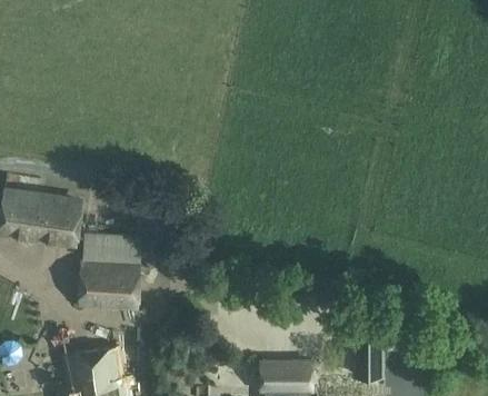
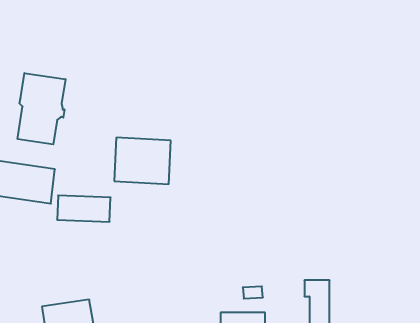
building: none -> [18,73,65,144]
building: [78,258,140,309] -> [114,138,171,184]

